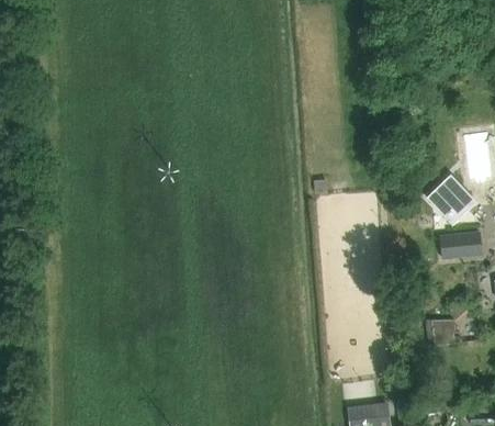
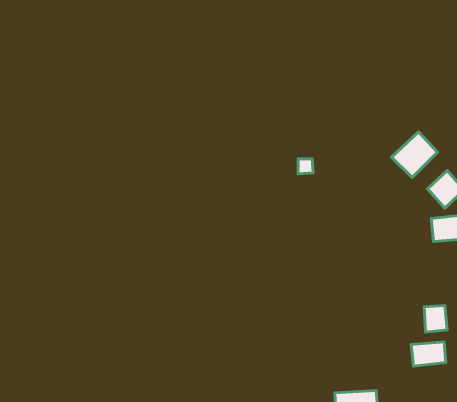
building: none -> [391,132,438,178]
building: none -> [411,342,446,366]

